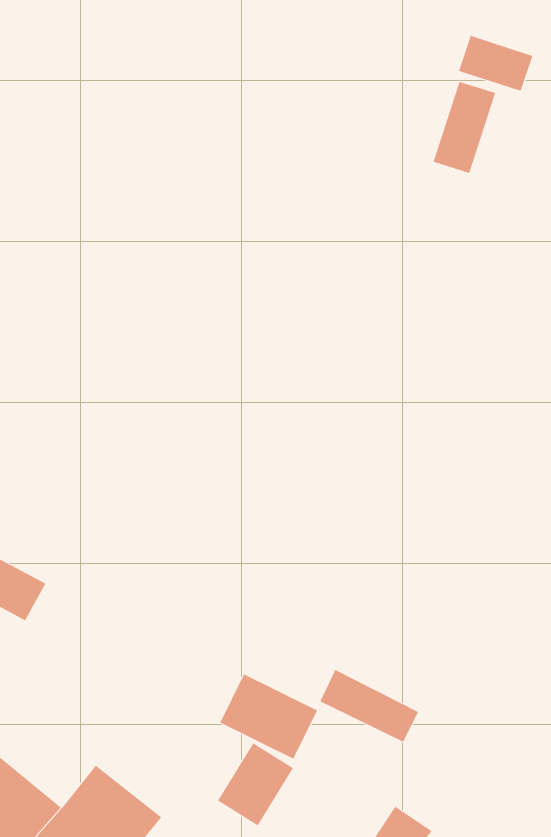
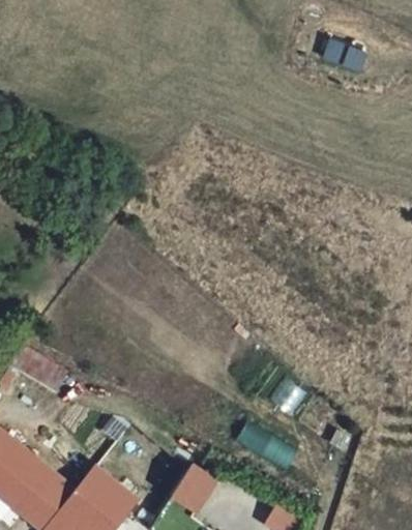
building: [433,81,496,174] -> none
building: [220,673,318,760] -> none

